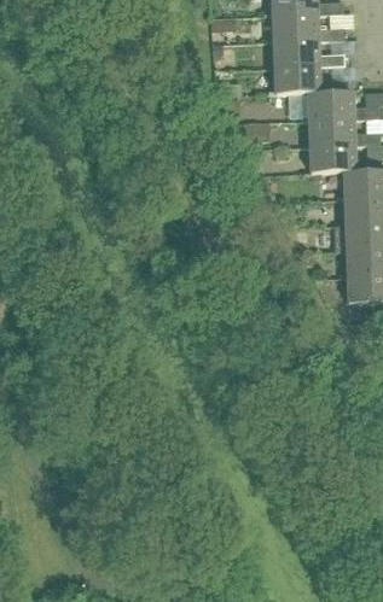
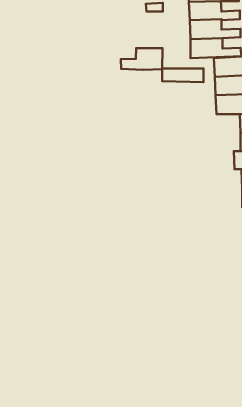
building: none -> [121,48,162,70]

